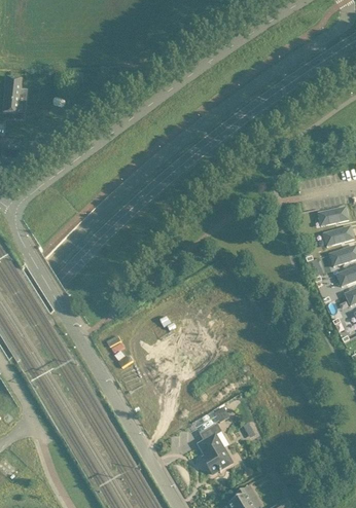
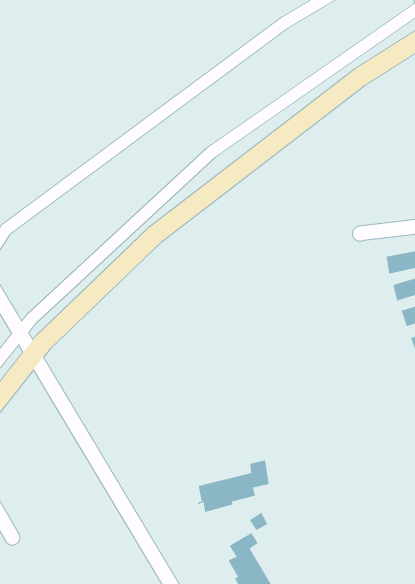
building: none -> [198,460,269,513]

